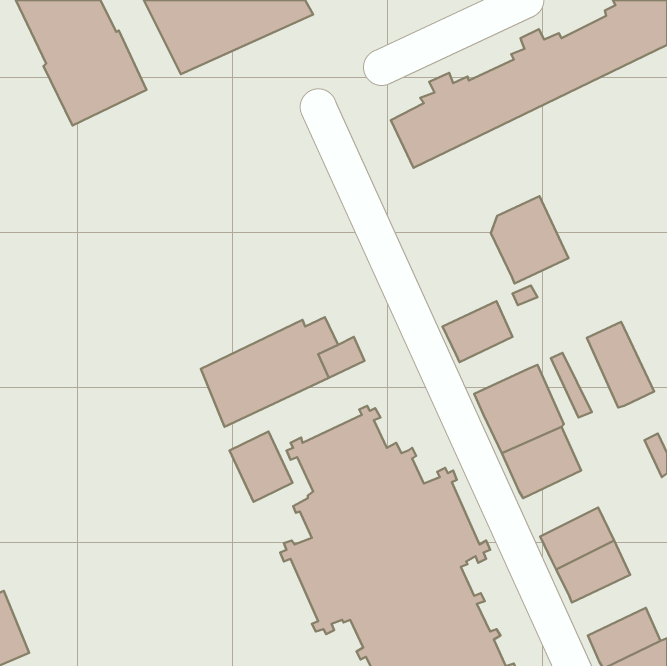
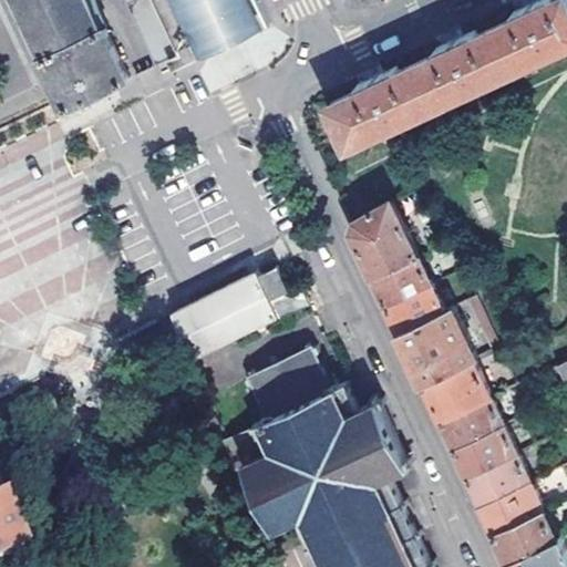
building: [491,196,569,283] -> [351,208,416,281]
building: [587,322,654,407] -> none
building: none -> [385,290,443,338]
building: [230,432,293,502] -> none
building: none -> [439,402,502,457]
building: none -> [480,489,542,540]

